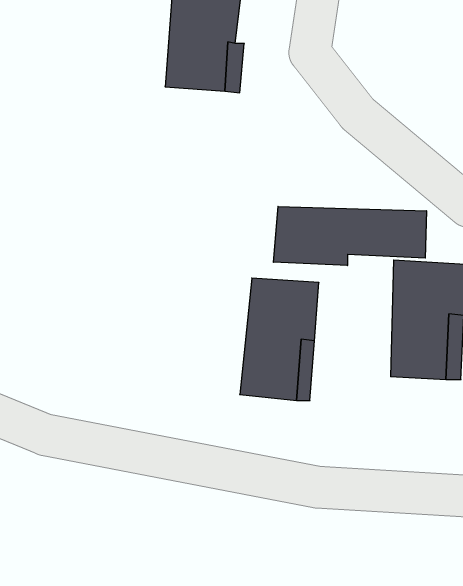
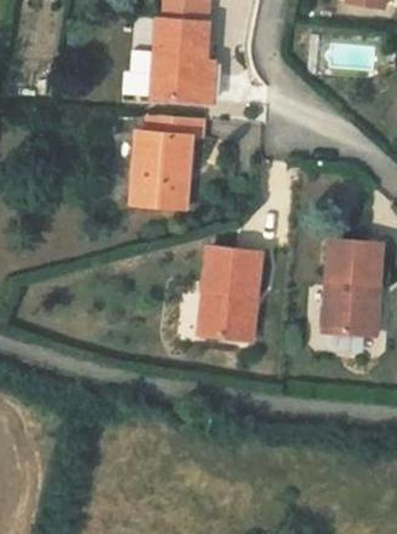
building: none -> [123,116,200,204]
building: [273,206,426,266] -> none

